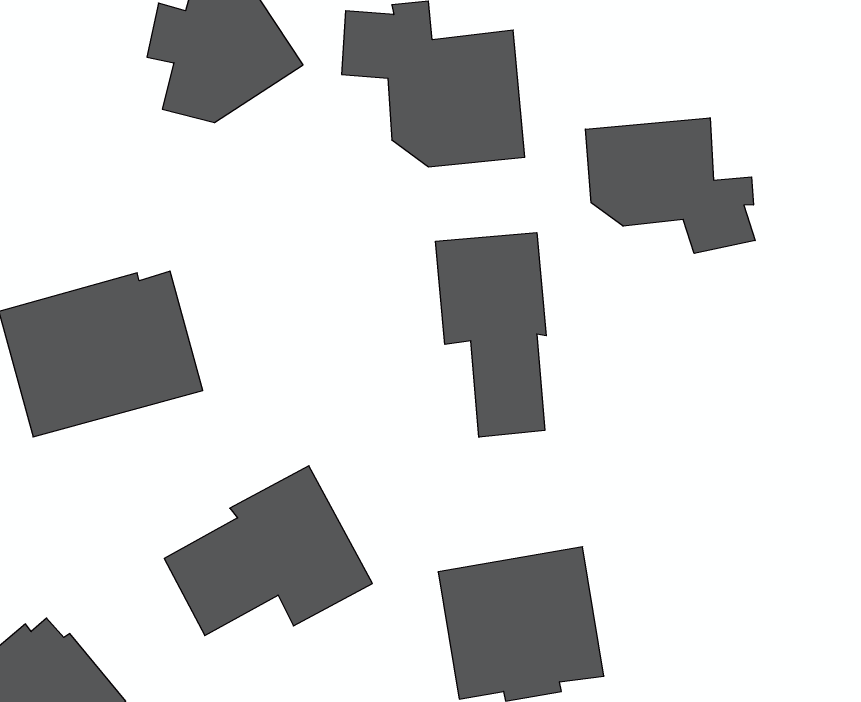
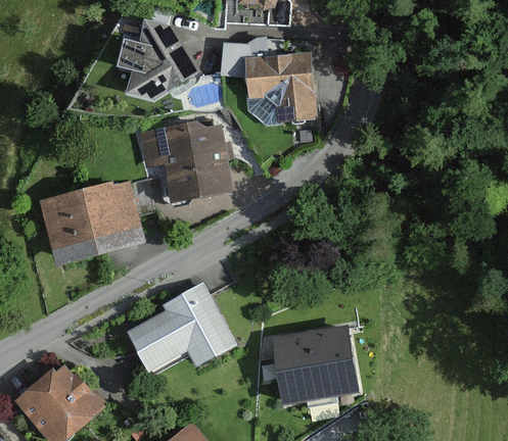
building: [585,118,755,253] -> none
building: none -> [137,120,234,205]
building: [436,233,546,437] -> none

